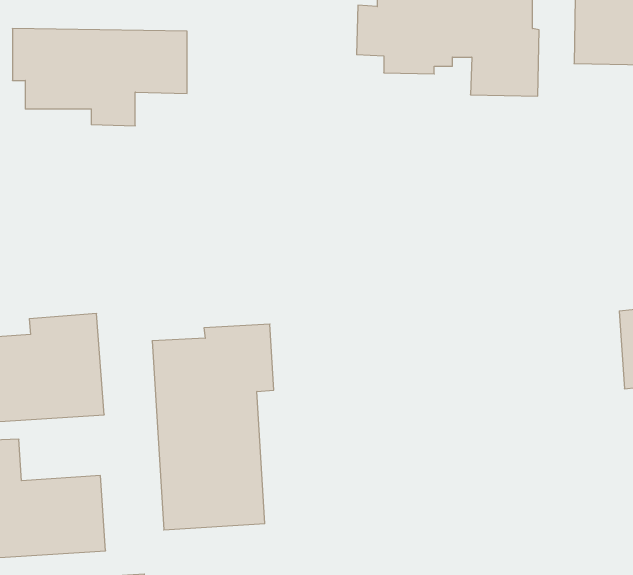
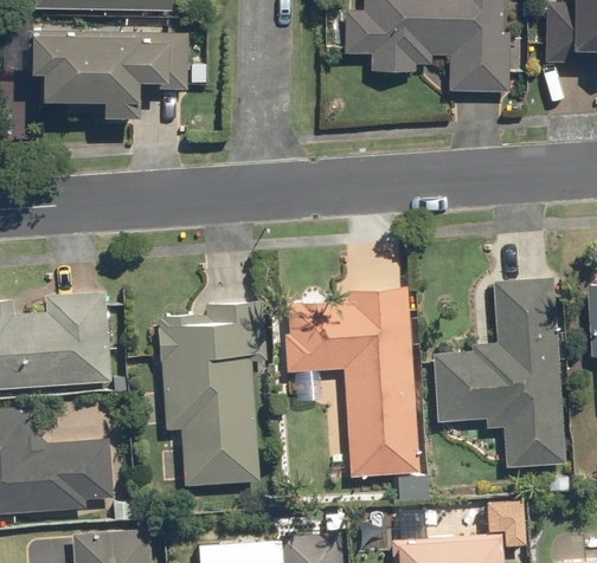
building: none -> [431,276,566,470]
building: none -> [281,287,421,479]

